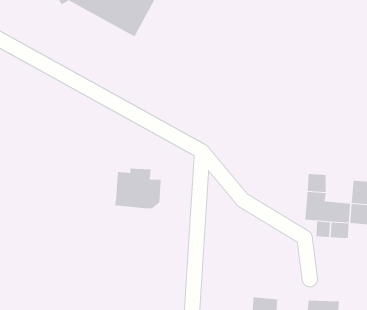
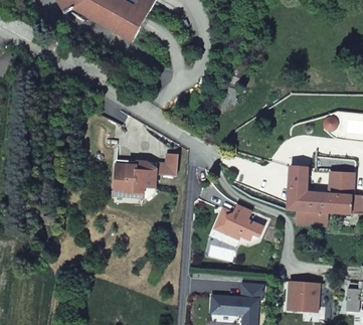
building: none -> [146,153,178,174]
building: none -> [215,204,263,239]

